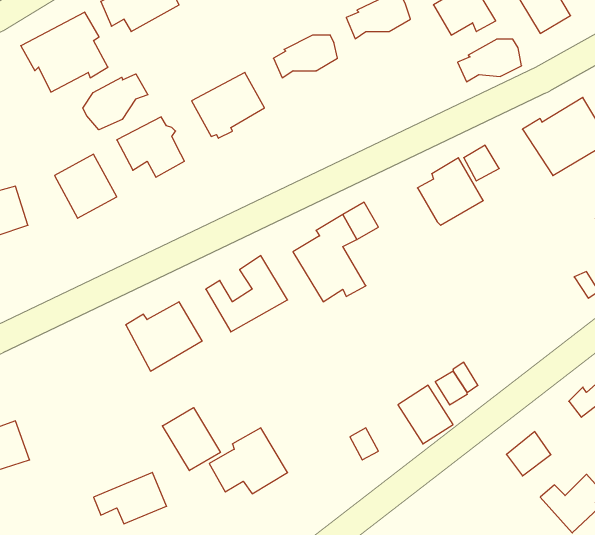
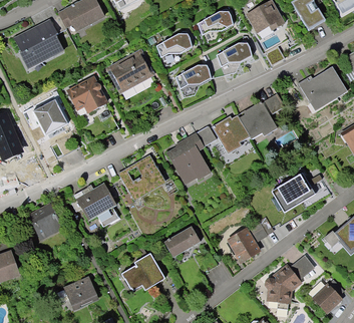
building: [458,39,522,82] -> [217,41,253,65]
building: [83,74,148,130] -> none
building: none -> [175,63,212,87]
building: none -> [211,115,249,151]
building: none -> [275,174,326,209]
building: none -> [33,205,60,237]
building: none -> [163,228,199,257]
building: [162,408,220,471] -> none
building: none -> [265,267,299,303]

